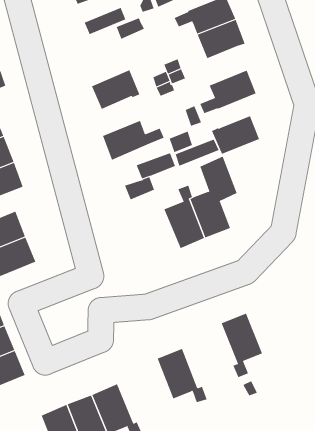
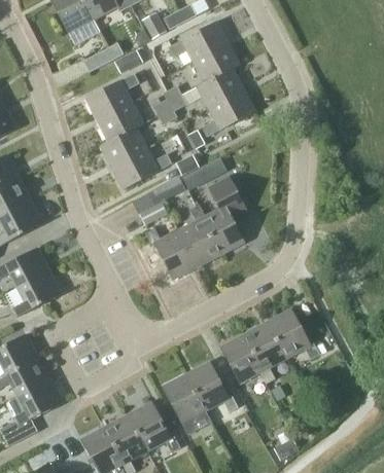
building: none -> [85,73,139,120]
building: none -> [100,126,147,167]
building: [211,115,260,155] -> [197,68,244,108]
building: none -> [145,227,198,279]
building: none -> [268,308,320,359]
building: none -> [220,333,264,383]
building: none -> [163,373,206,434]

